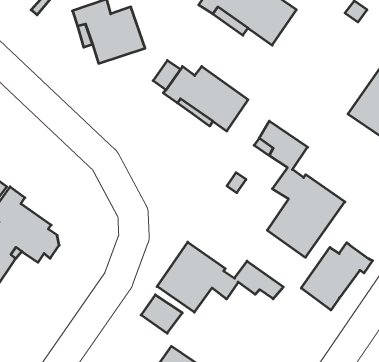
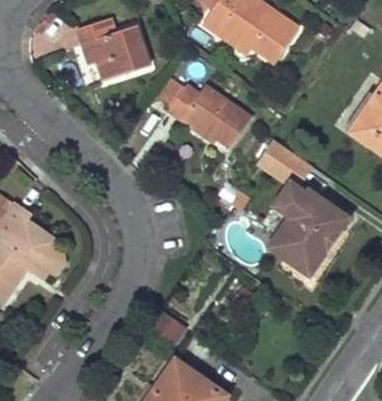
building: [157,242,283,312] -> none
building: [301,243,373,310] -> none

